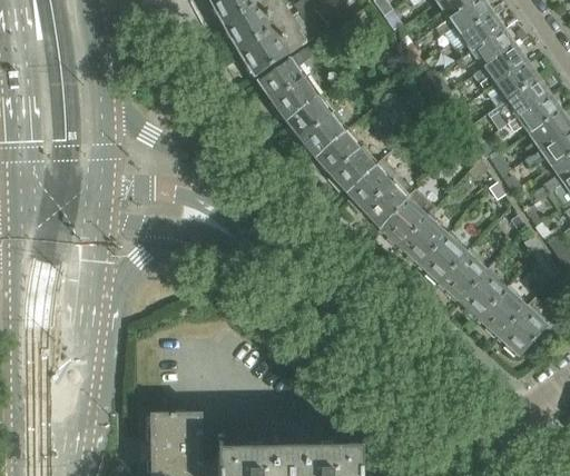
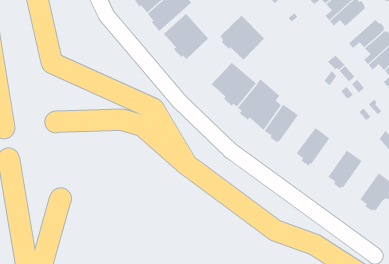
building: [502,76,548,121] -> none
building: [285,92,346,155] -> [219,15,265,61]
building: [399,210,449,262] -> none
building: [438,247,488,299] -> none
building: [478,282,528,335] -> none

